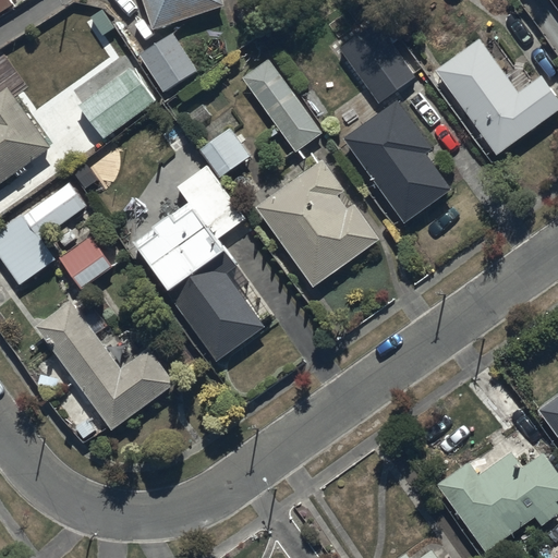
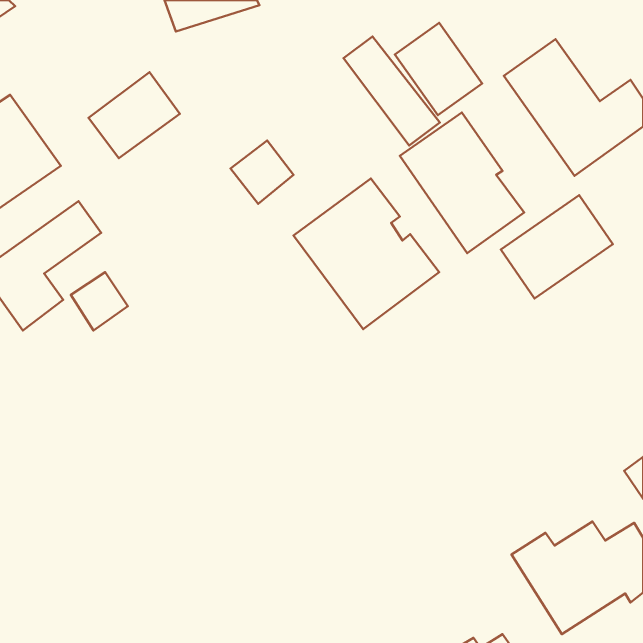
building: [138,34,195,93] -> none
building: [240,59,323,153] -> [343,37,440,145]
building: [133,165,271,362] -> none
building: none -> [501,195,613,299]
building: [33,299,175,430] -> none

